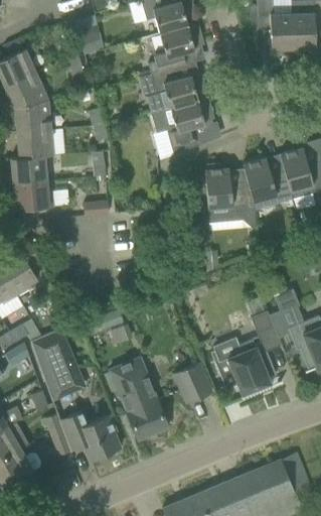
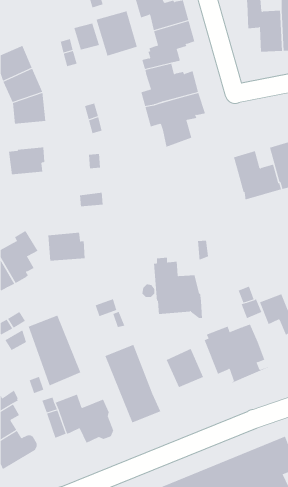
building: none -> [96,10,137,57]
building: [16,127,51,156] -> none
building: [204,163,256,227] -> [153,257,203,319]
building: [13,179,52,210] -> [48,232,86,261]

